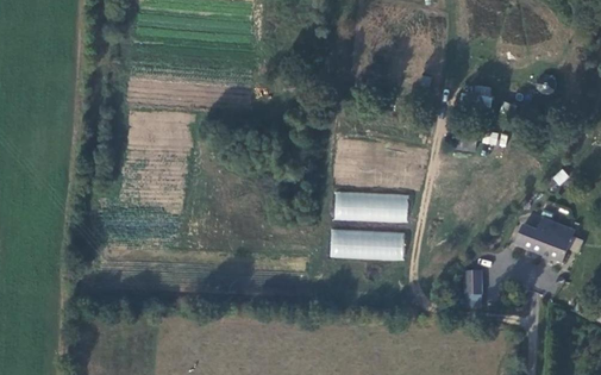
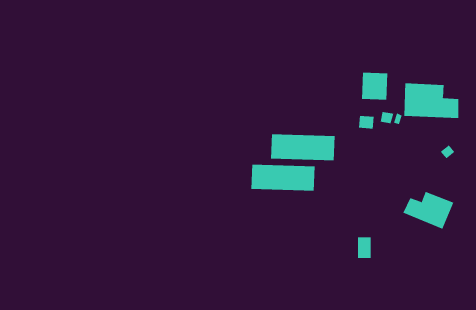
building: none -> [404,82,459,119]
building: [332,229,407,260] -> [270,134,335,161]

